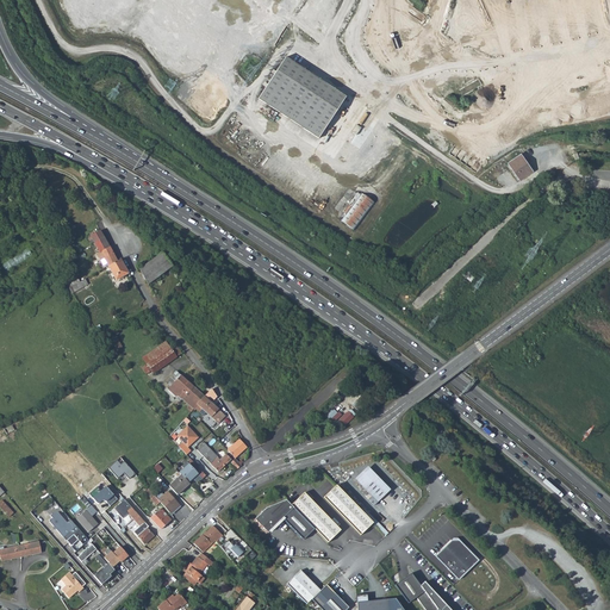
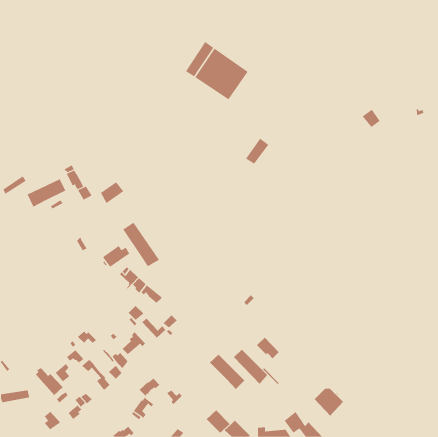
building: none -> [27,179,66,207]
building: none -> [123,222,160,267]
building: [255,499,315,539] -> none

